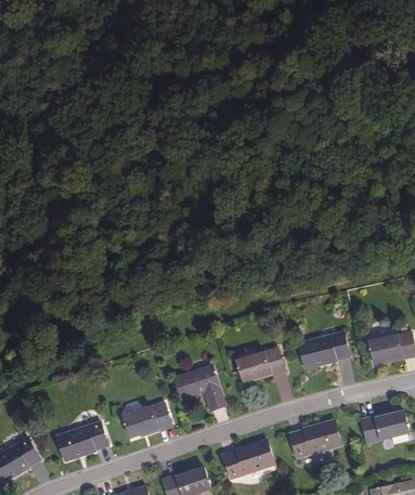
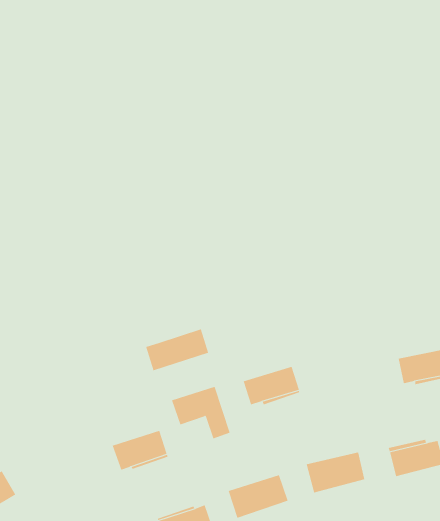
building: none -> [145,328,209,371]
building: [298,333,349,366] -> none
building: [56,421,108,459] -> none

